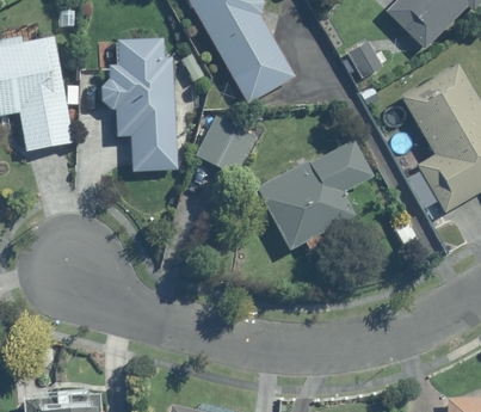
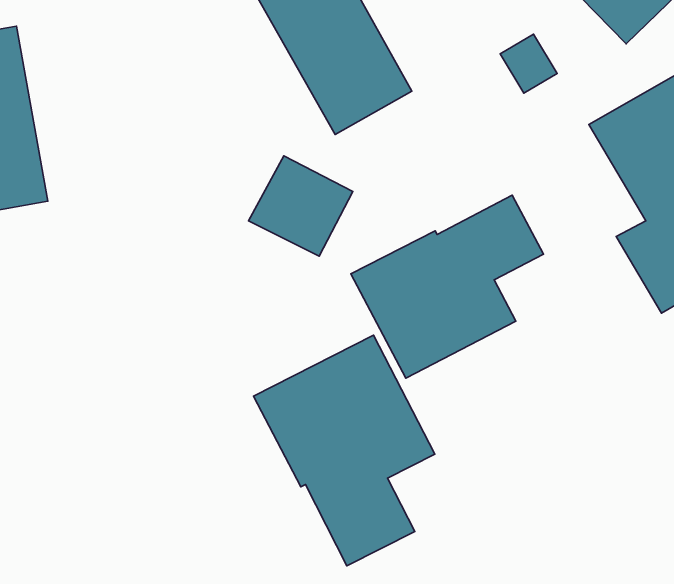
building: [100,39,175,170] -> none
building: none -> [253,335,435,566]

